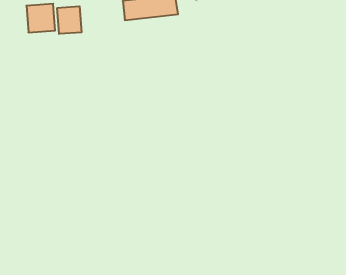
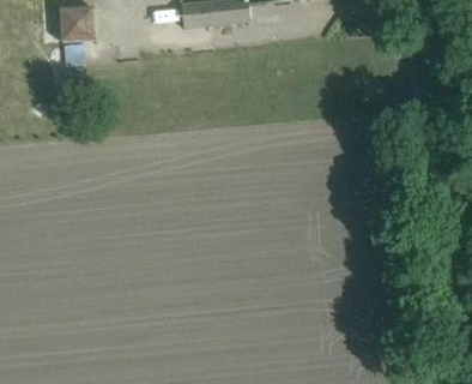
building: [57,6,81,34] -> none

